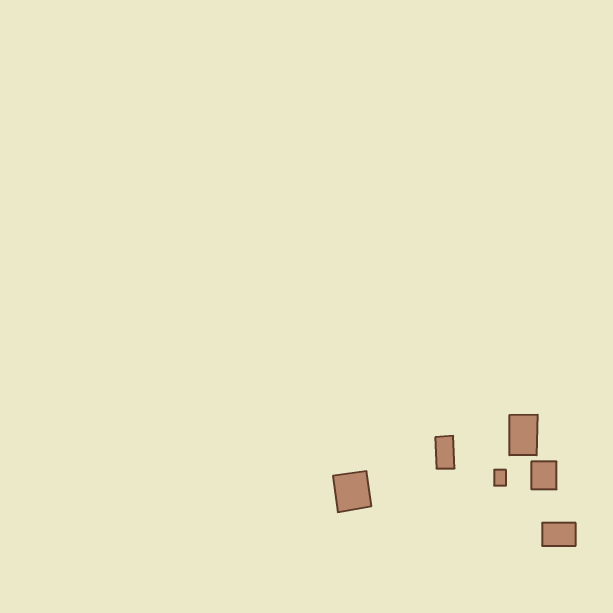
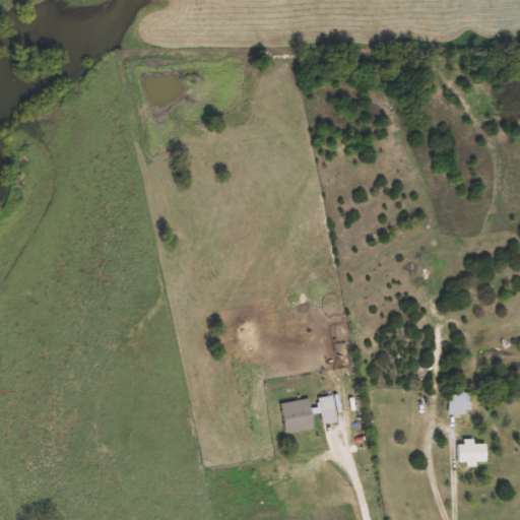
building: [509,415,538,455] -> none
building: [435,436,455,468] -> [319,395,335,422]

